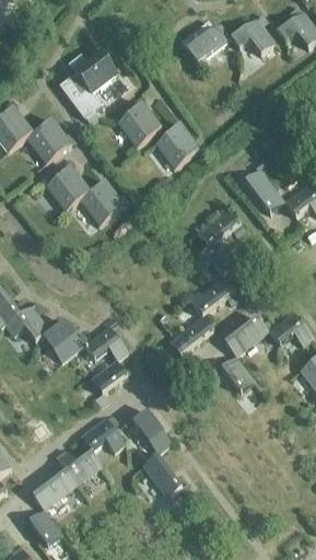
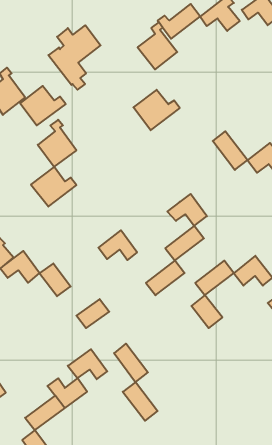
building: [116,92,161,145] -> [138,22,177,69]
building: [80,178,131,223] -> [31,167,76,207]
building: [196,209,239,248] -> none
building: [83,325,127,359] -> [98,230,137,260]

